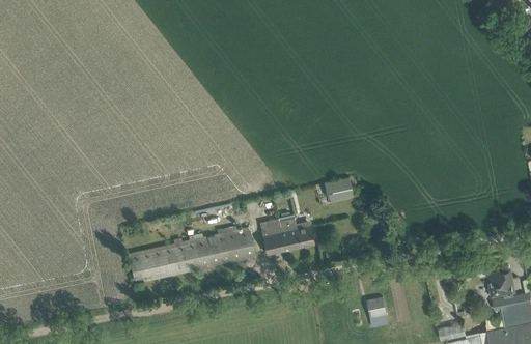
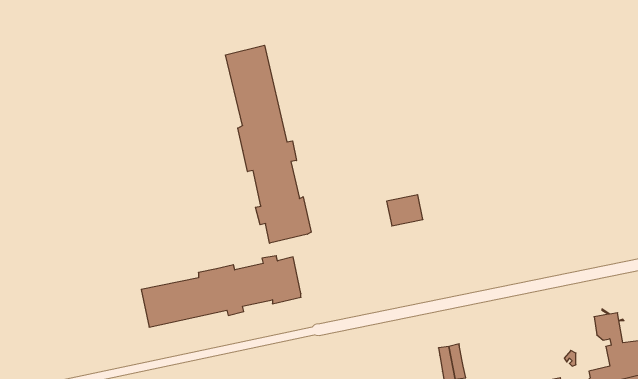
building: none -> [226,45,311,243]
building: [263,216,314,254] -> none

